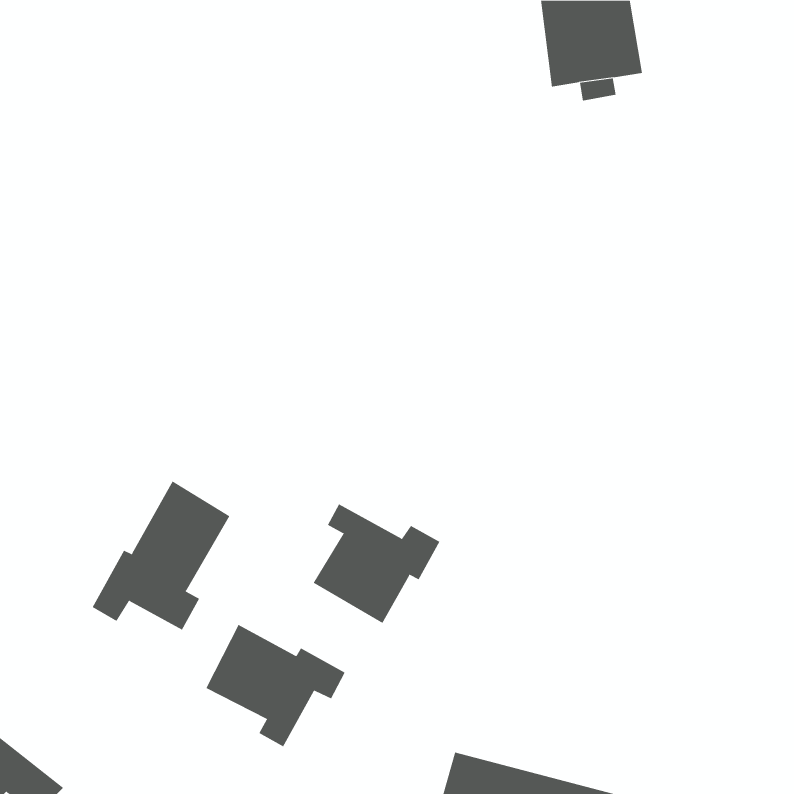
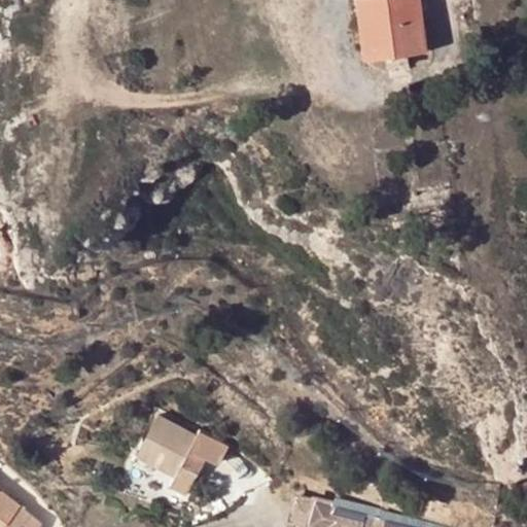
building: [92,481,230,630] -> none
building: [313,504,440,624] -> none

